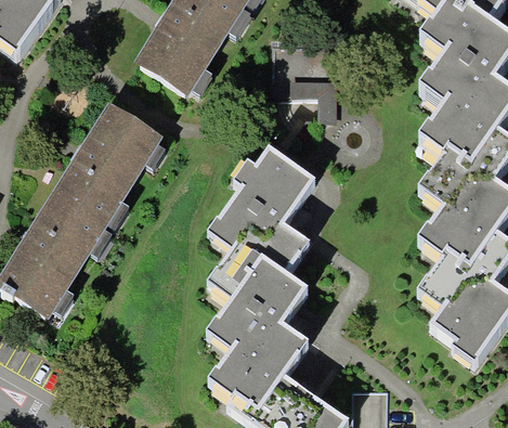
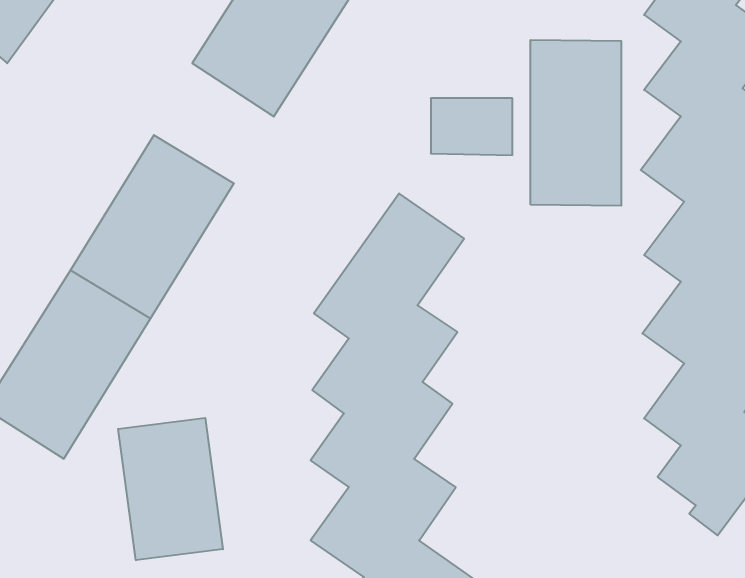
building: none -> [531,40,621,206]
building: none -> [118,418,223,560]

